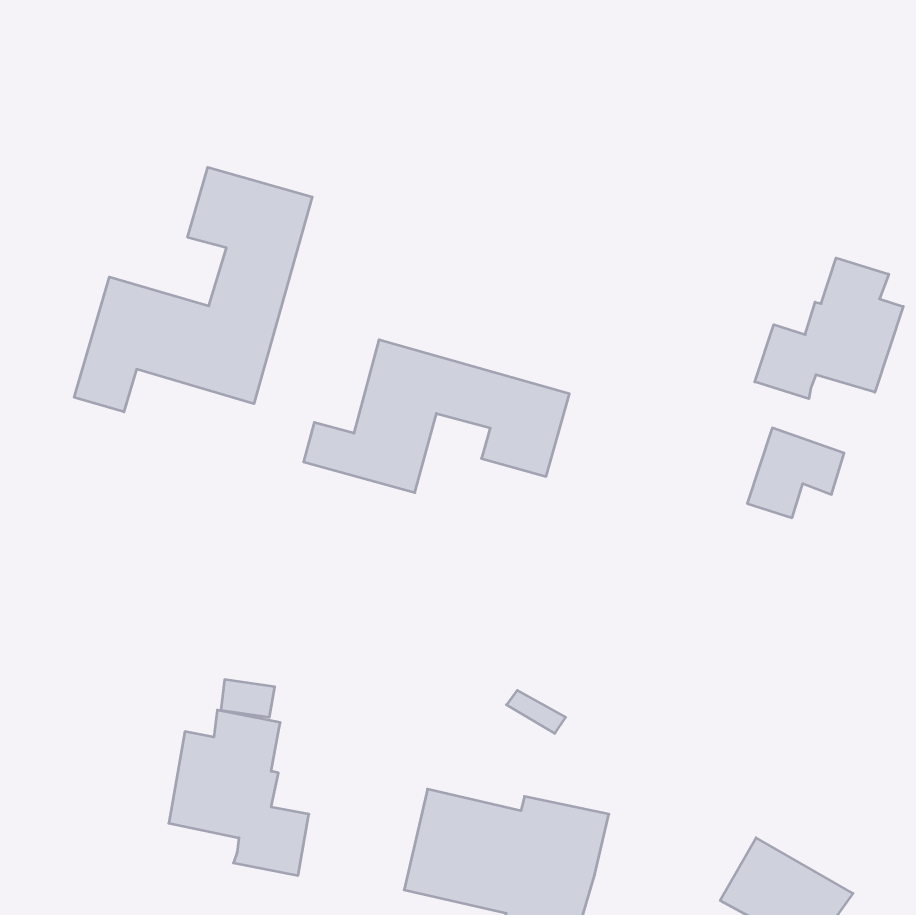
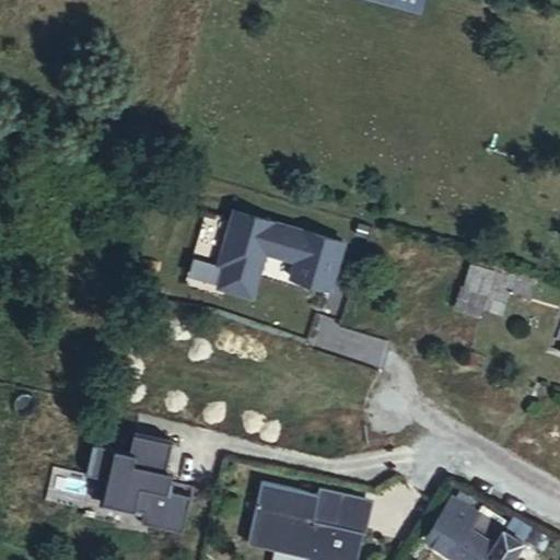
building: [74,167,312,412] -> none
building: [755,258,903,399] -> none

